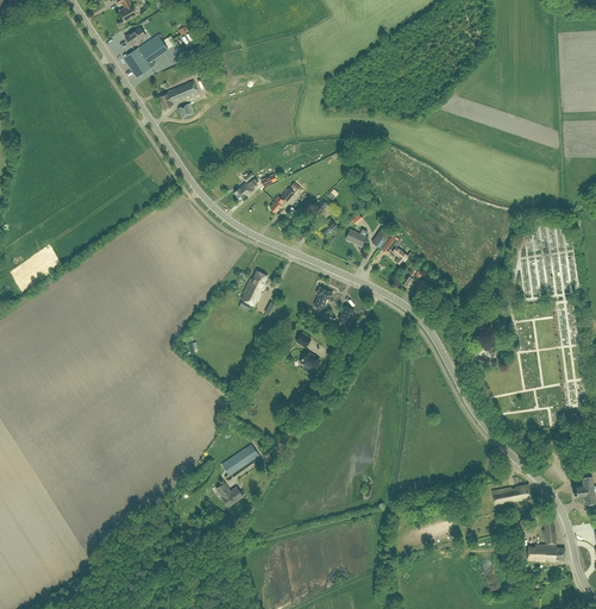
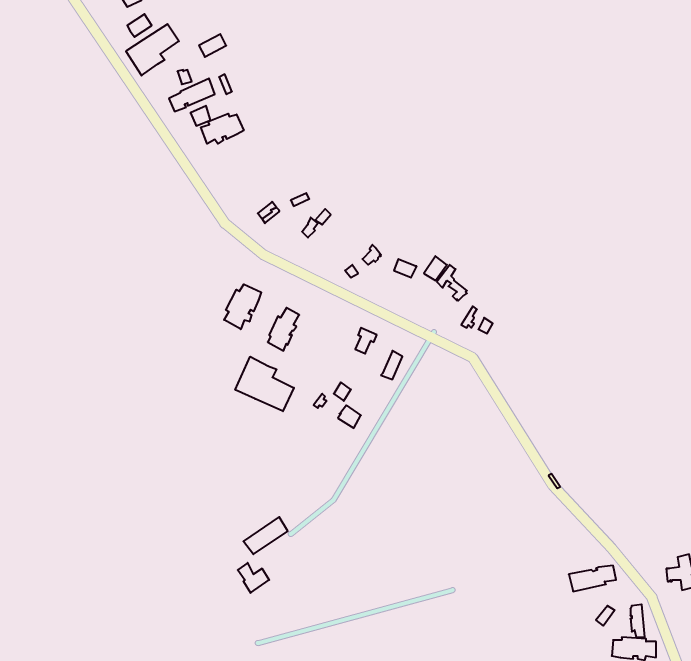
building: none -> [201,114,244,144]
building: none -> [224,284,261,329]
building: none -> [235,357,294,411]

